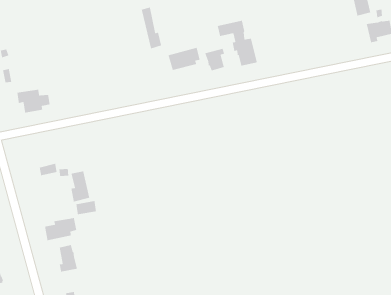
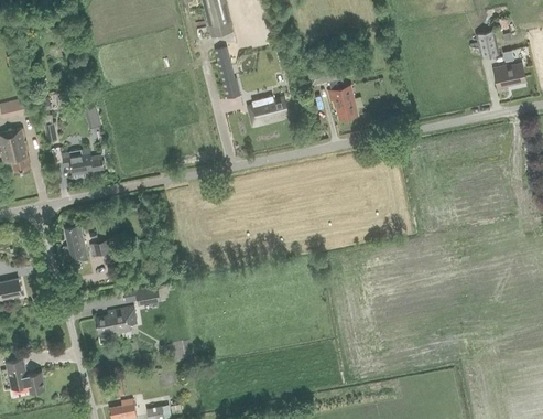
building: [204,48,225,72] -> none
building: [70,170,90,203] -> [64,224,88,264]
building: [59,244,78,272] -> none

